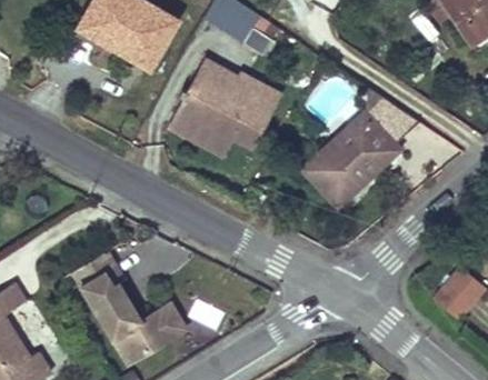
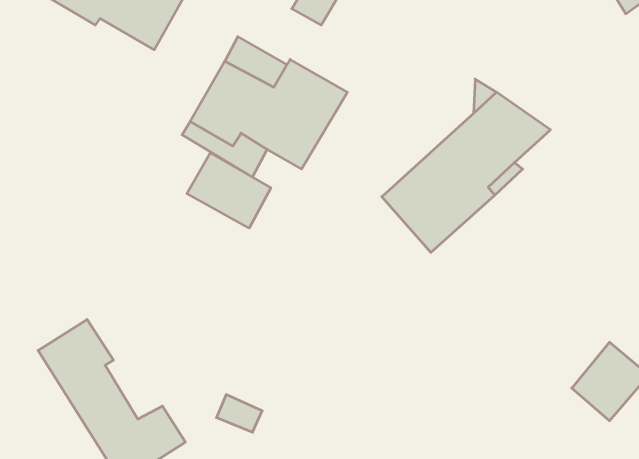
building: none -> [187,153,271,228]

